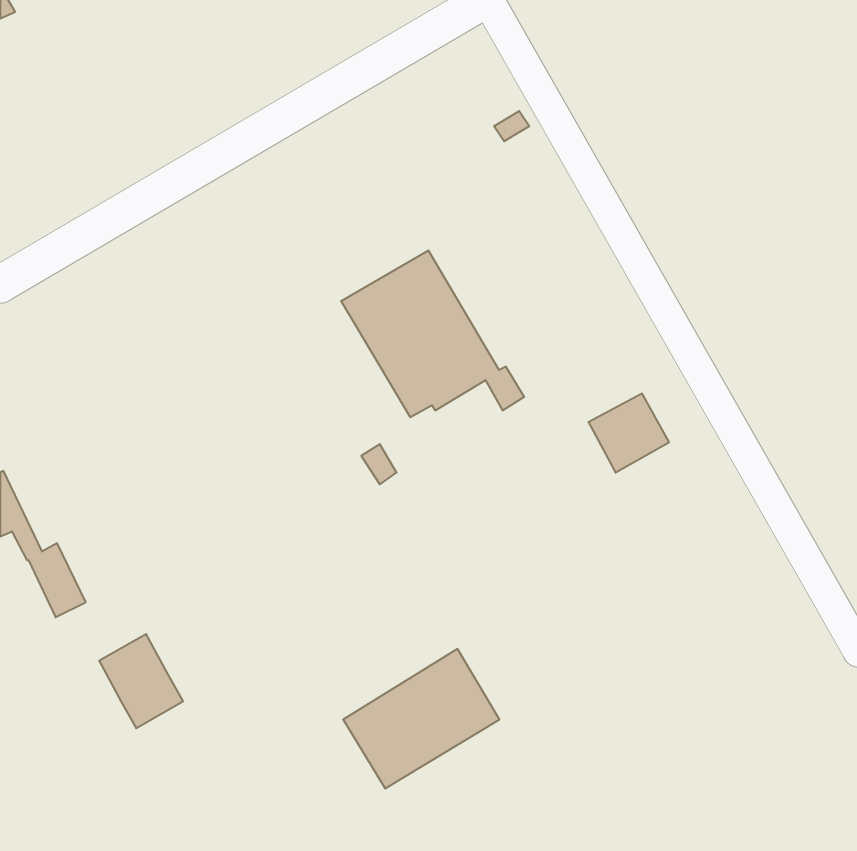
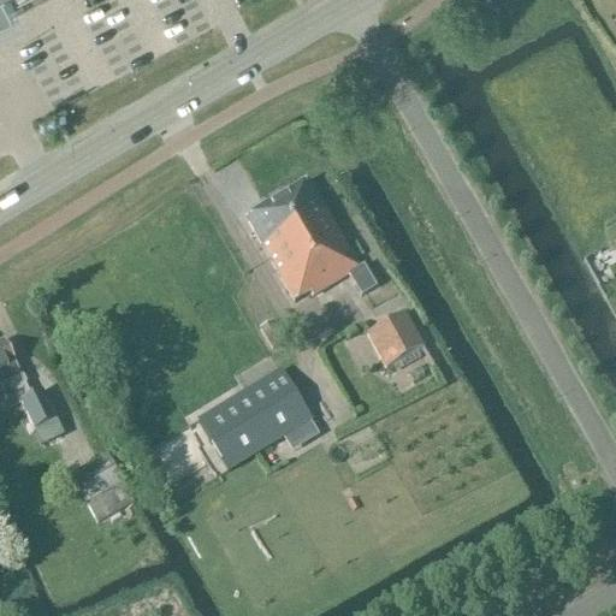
building: [588,394,669,473] -> [367,309,425,366]
building: [343,649,499,788] -> [199,368,310,468]

